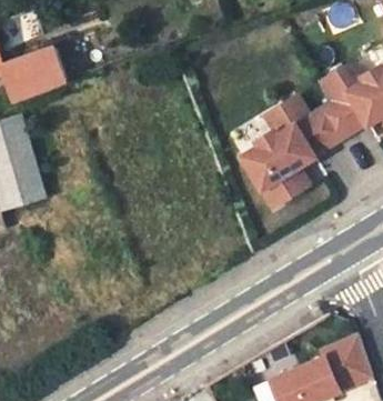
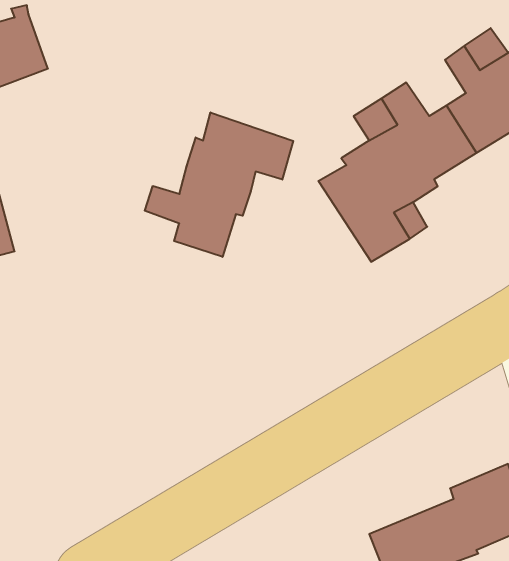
building: none -> [145,112,293,257]

